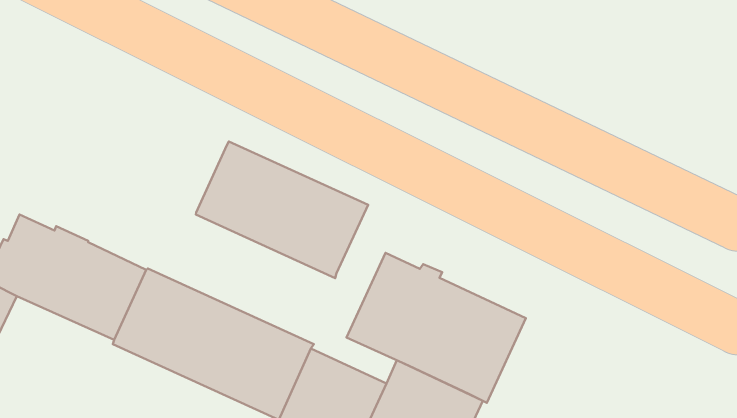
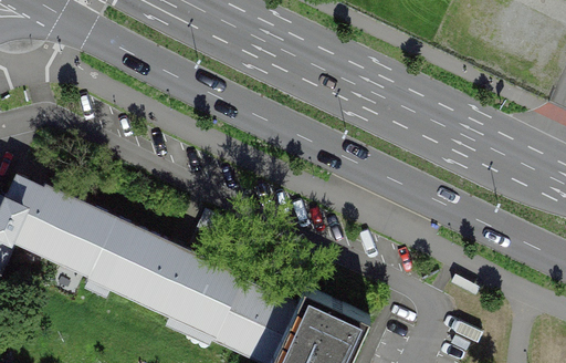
building: [196,141,368,278] -> none
building: [346,253,526,403] -> none

